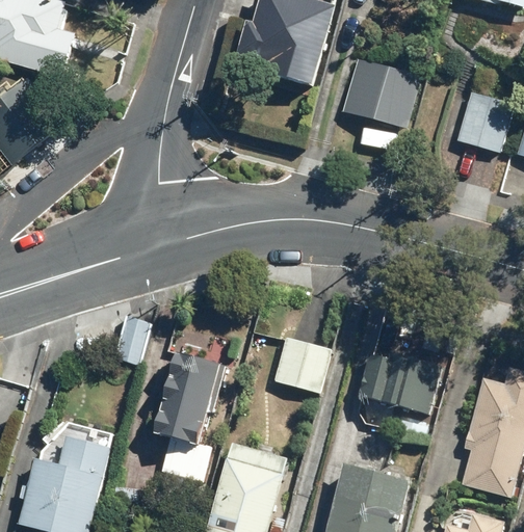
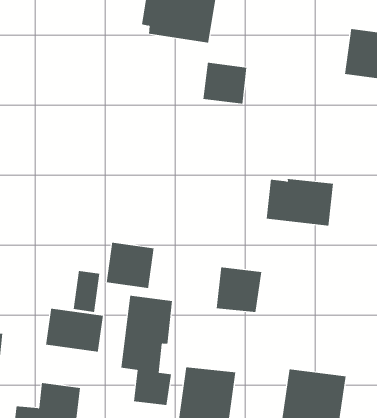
building: [367,68,422,121] -> [203,62,247,104]
building: none -> [106,242,154,289]
building: [359,351,441,414] -> [266,178,334,226]
building: none -> [46,308,104,352]

